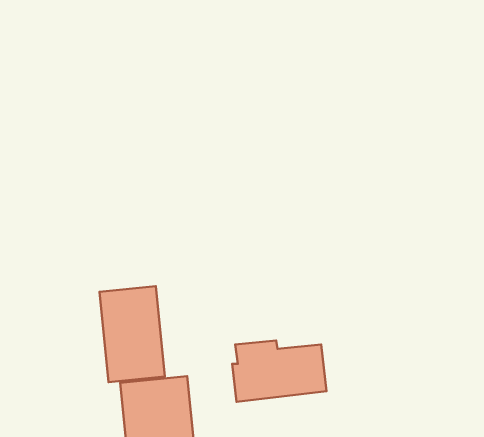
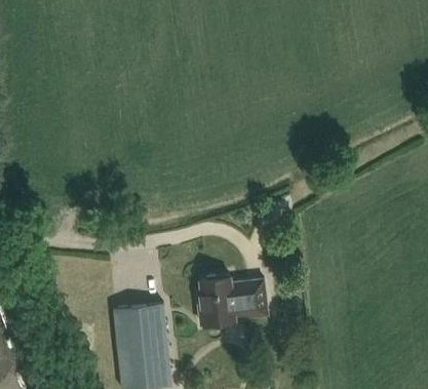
building: [99,286,165,382] -> none

